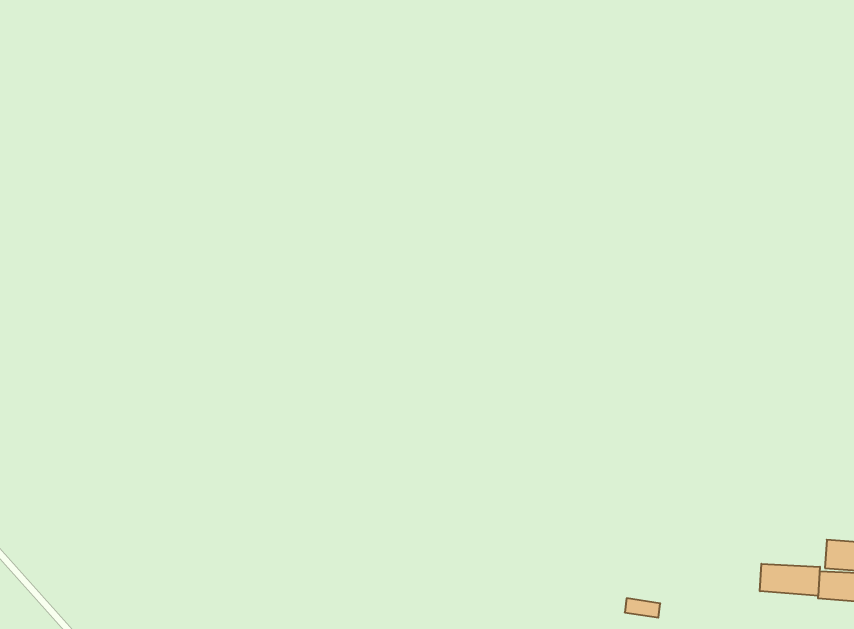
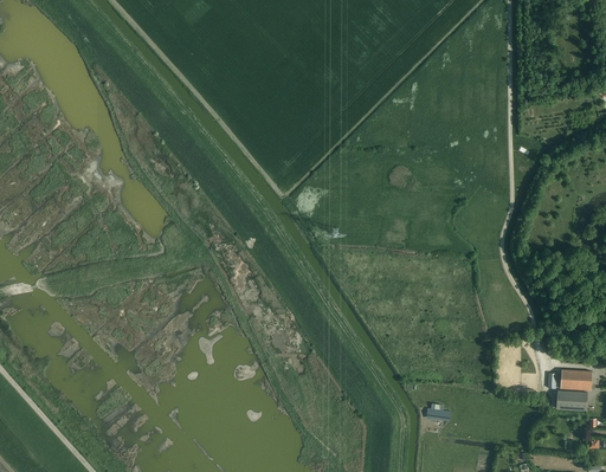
building: [760,564,820,596] -> none

